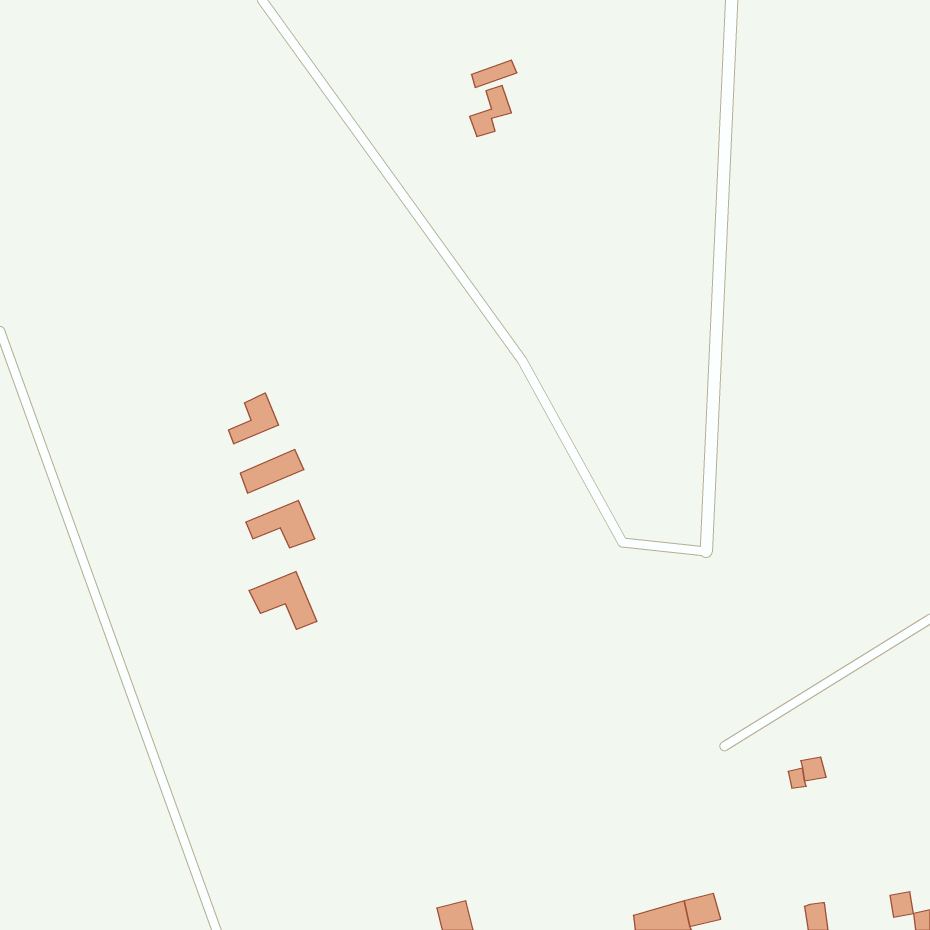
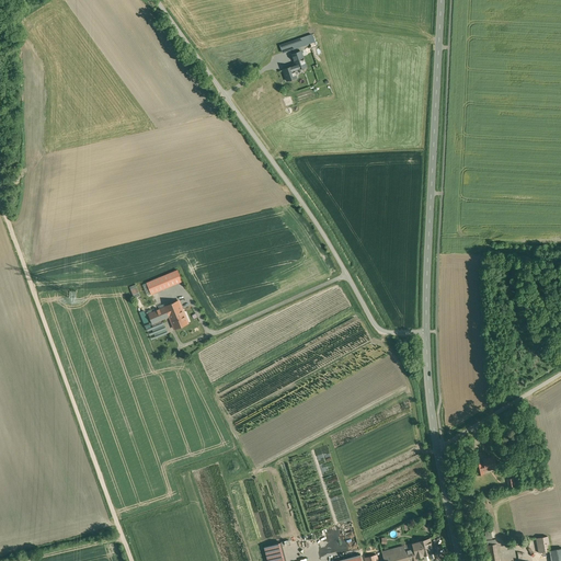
building: [228,393,278,444] -> none
building: [249,571,317,629] -> none

